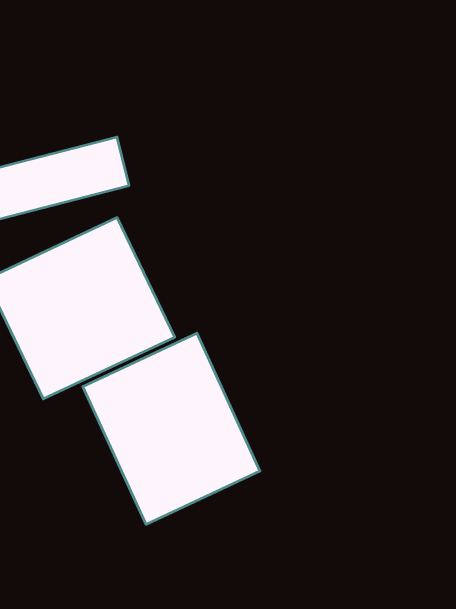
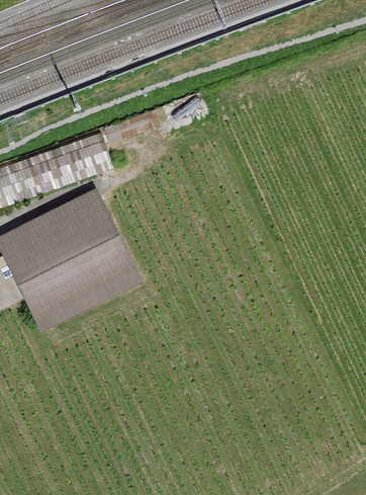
building: [83,333,260,524] -> none

